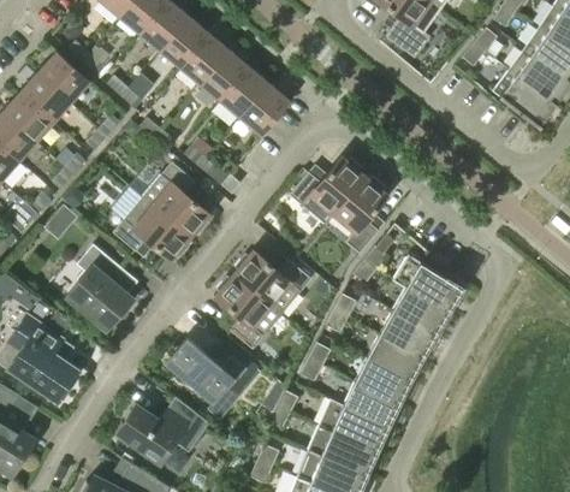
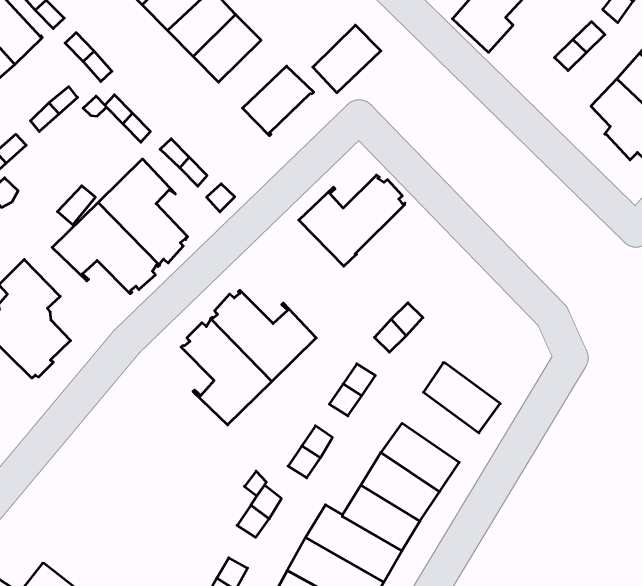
building: [220,66,268,117] -> [313,25,381,93]
building: [332,174,387,253] -> none
building: [392,254,465,312] -> none
building: [379,309,435,357] -> none
building: [166,337,257,402] -> none
building: [114,396,208,464] -> none

